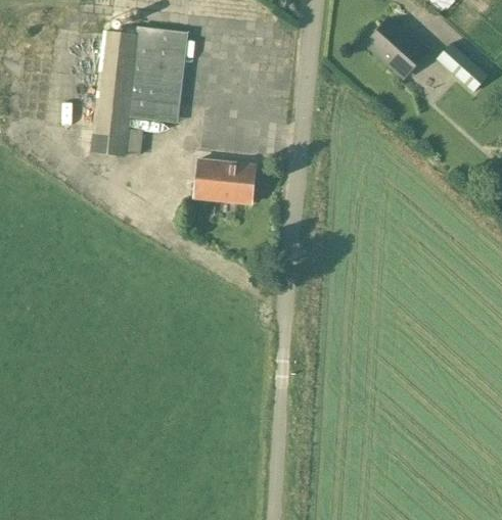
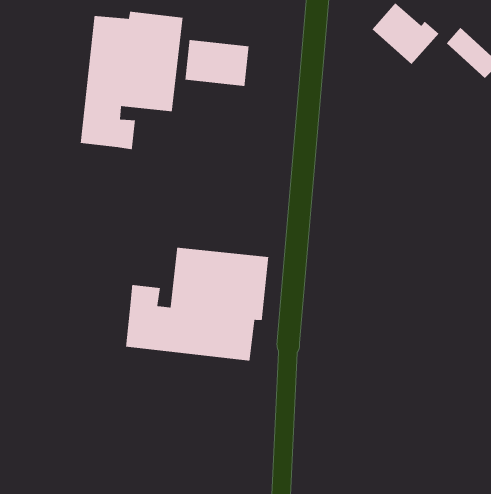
building: [194,159,256,204] -> [185,39,249,87]
building: none -> [125,247,269,361]

